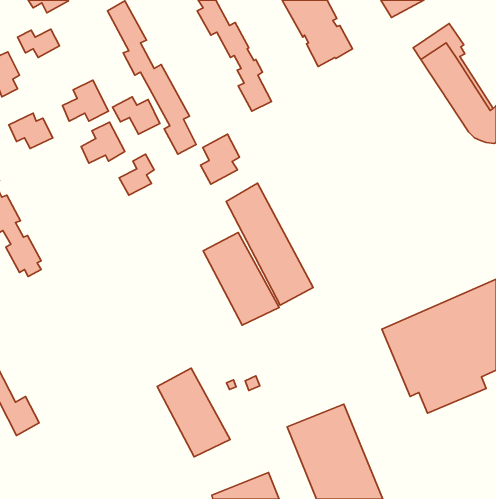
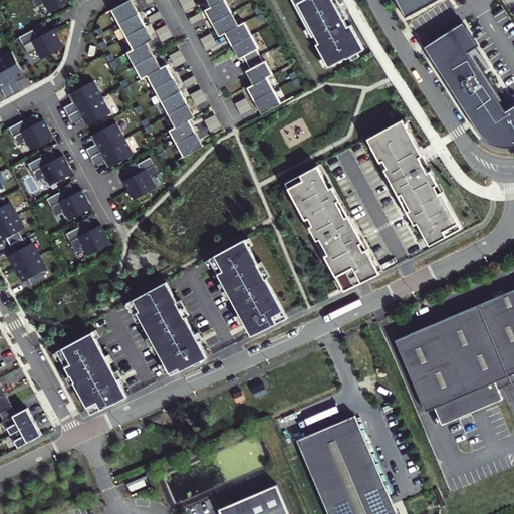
building: [113,97,160,134] -> none
building: none -> [370,120,462,245]
building: [200,134,239,184] -> none
building: none -> [27,147,71,186]
building: none -> [46,182,90,220]
building: [226,183,313,305] -> [289,165,378,290]
building: none -> [63,216,108,254]
building: none -> [54,330,123,414]
building: [157,368,230,457] -> [131,283,206,374]

